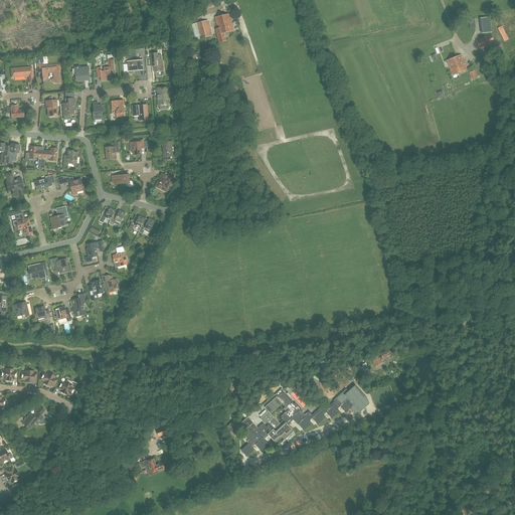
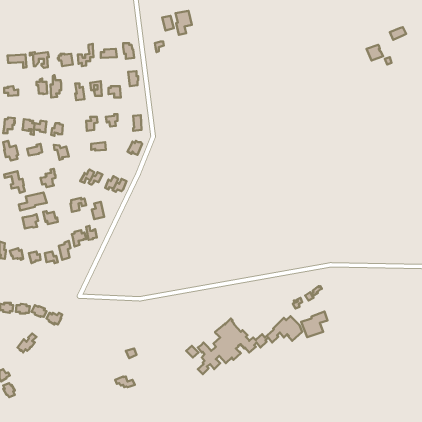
building: none -> [19,192,47,210]
building: none -> [301,312,328,337]

